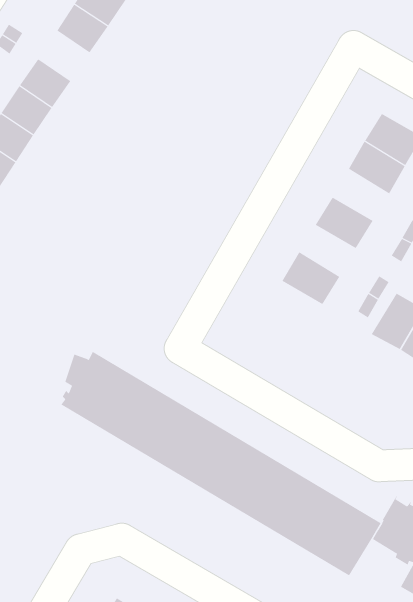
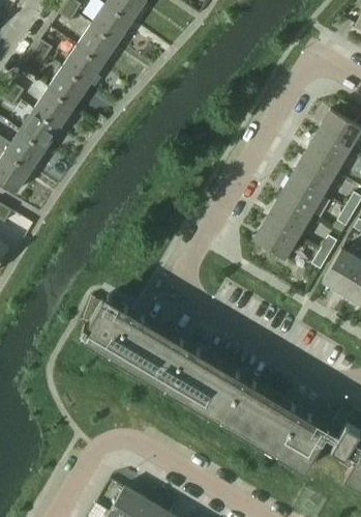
building: none -> [63,46,103,85]
building: none -> [292,153,336,194]
building: none -> [266,197,310,237]

